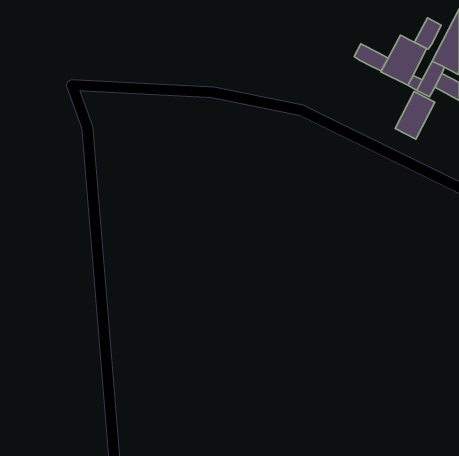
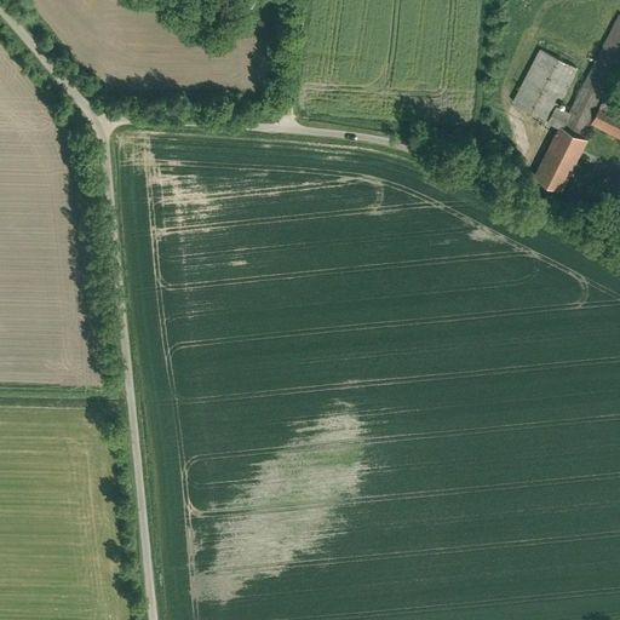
building: [415,18,441,49] -> none
building: [354,44,388,71] -> none

